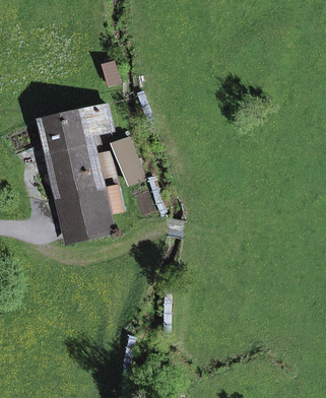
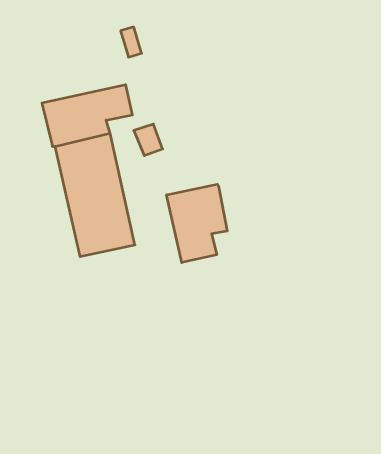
building: none -> [167,184,227,263]

